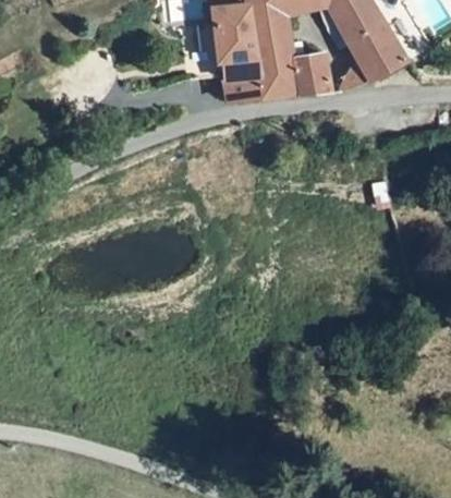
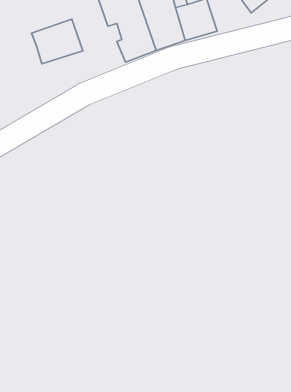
building: none -> [31,19,83,64]

